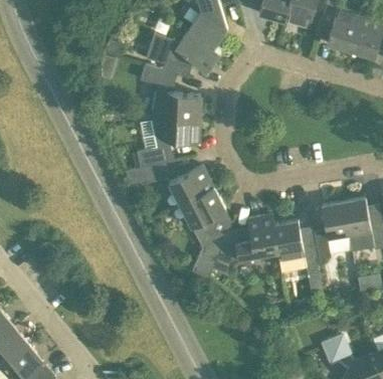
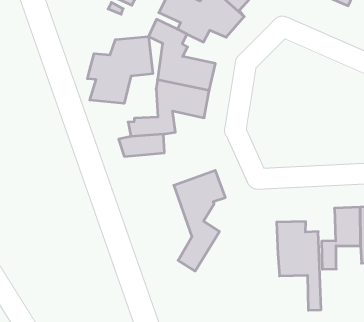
building: none -> [87,37,153,103]
building: [168,166,213,206] -> none
building: [212,215,277,274] -> none

